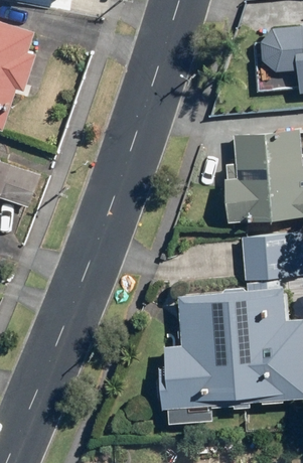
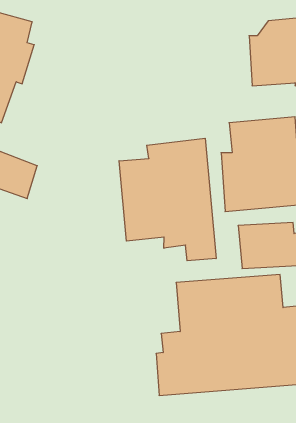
building: none -> [119,138,216,261]

